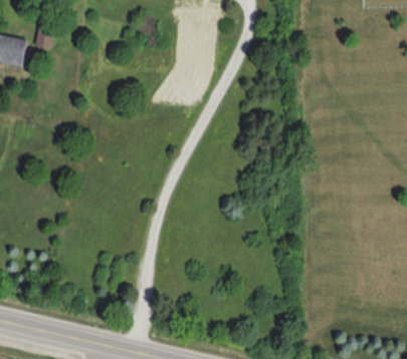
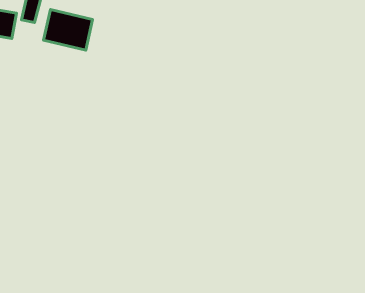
building: none -> [44,10,93,50]

